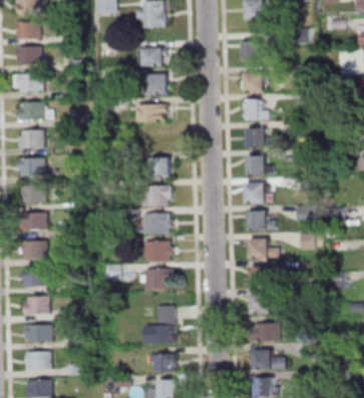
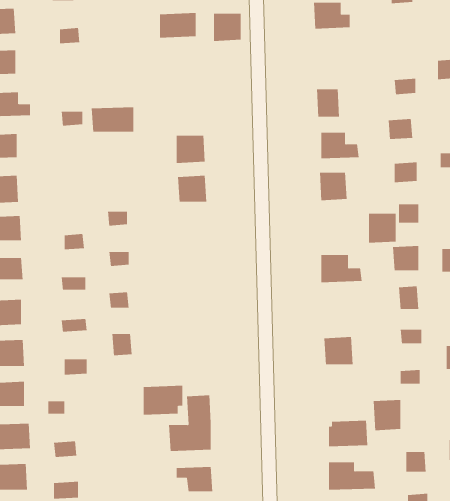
building: [244,73,264,92] -> none
building: [148,75,167,94] -> [213,13,241,41]
building: [136,104,165,121] -> [91,107,134,132]
building: [245,183,264,204] -> [368,213,396,243]
building: [142,185,170,206] -> none
building: [143,213,170,234] -> none
building: [247,239,278,259] -> none
building: [145,242,172,262] -> none
building: [145,269,172,289] -> [143,385,183,415]
building: [250,295,269,316] -> [373,399,401,431]

